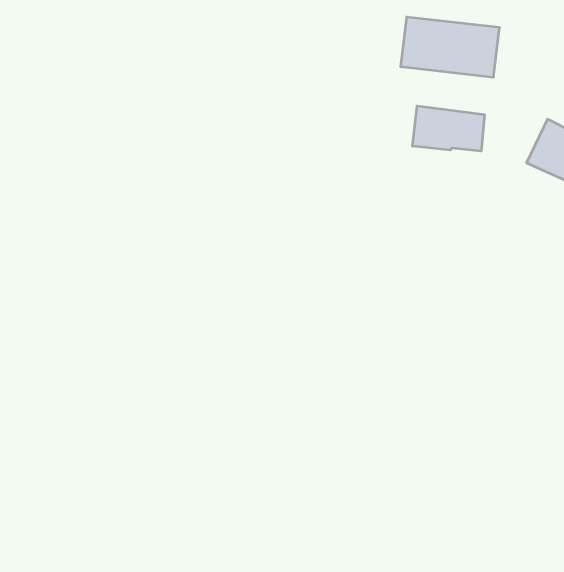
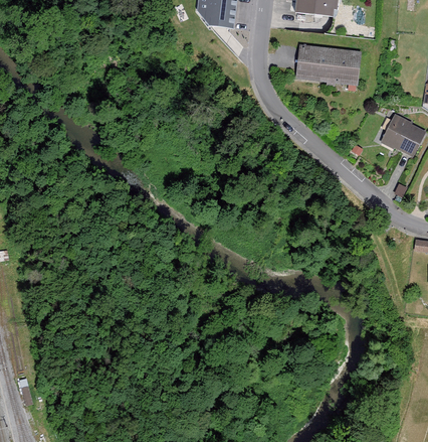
building: [413,106,484,151] -> none

